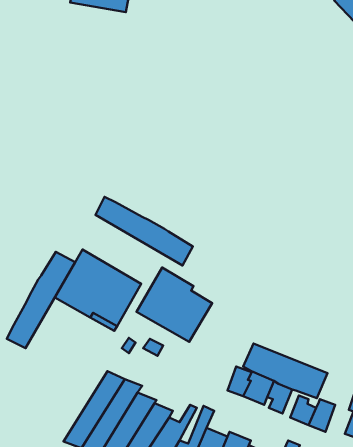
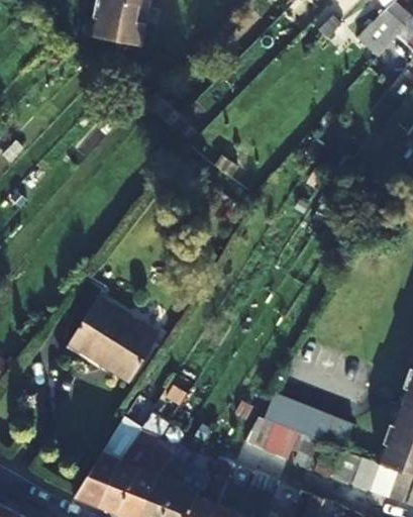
building: [96,197,193,265] -> none
building: [7,252,75,348] -> none
building: [137,267,212,342] -> none

